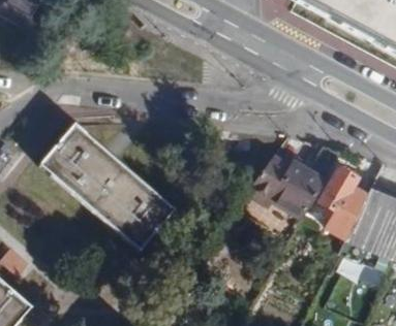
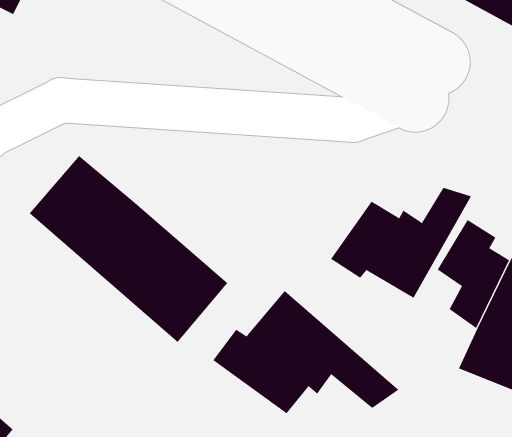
building: none -> [212,290,399,414]

